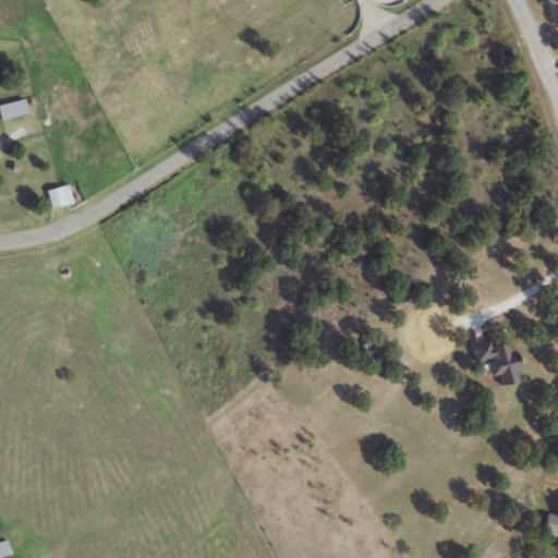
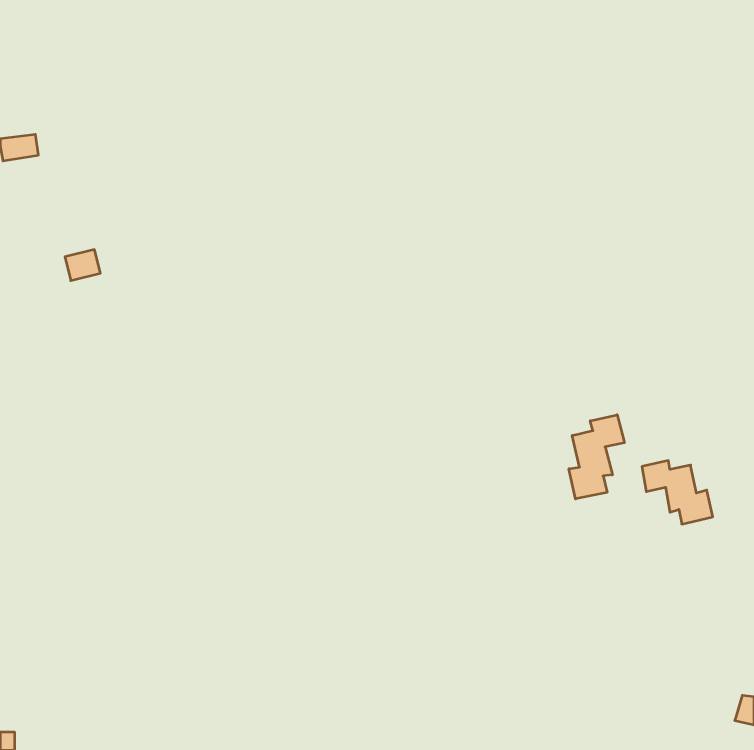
building: none -> [569,415,624,499]

